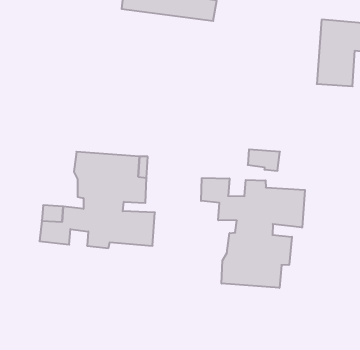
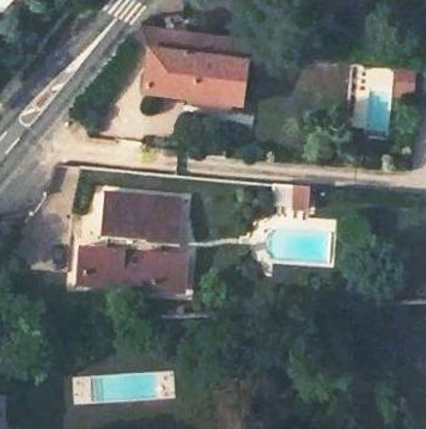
building: none -> [147,50,247,104]
building: [201,178,305,288] -> none

